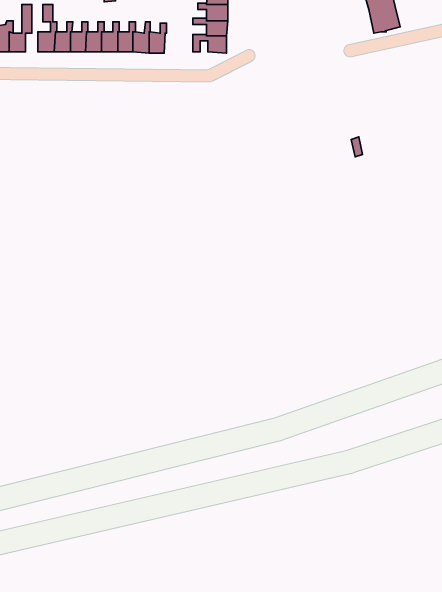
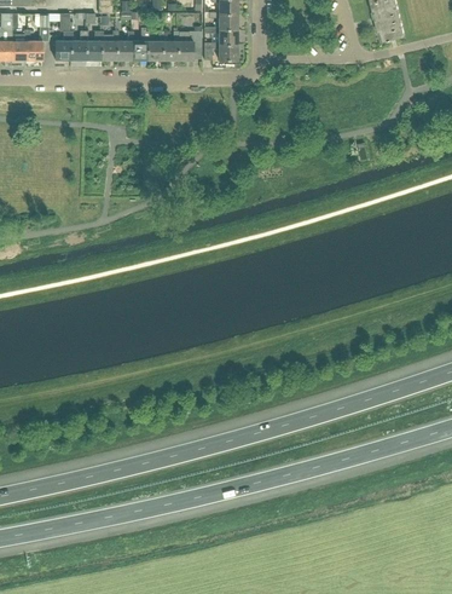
building: none -> [176,31,201,60]

